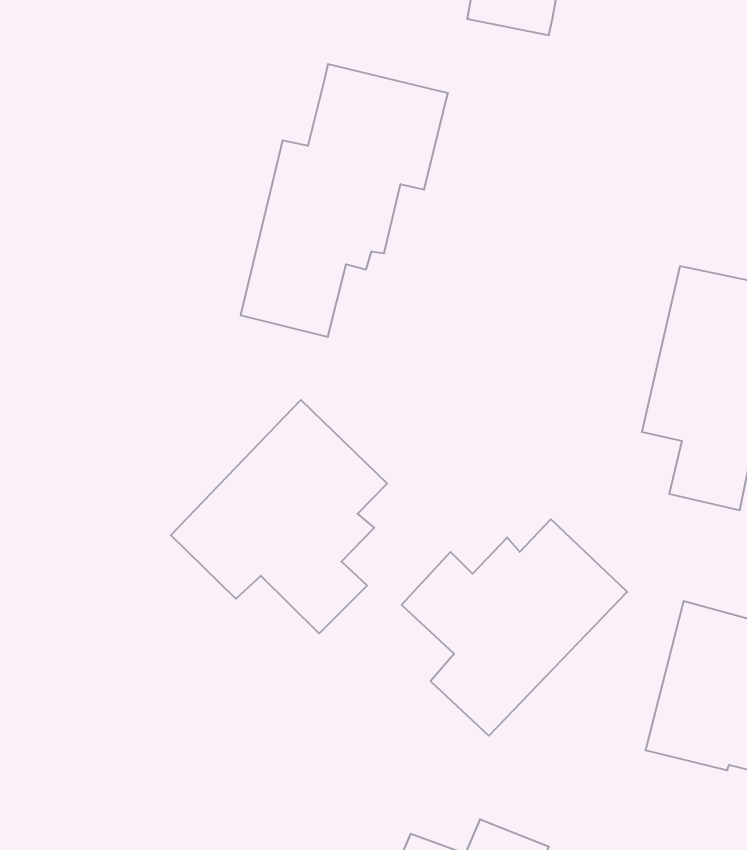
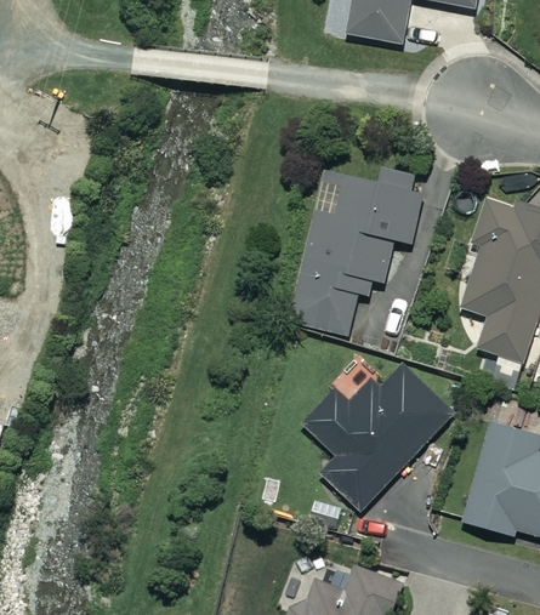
building: [241,64,448,337] -> [288,158,426,340]
building: [171,400,387,633] -> none

